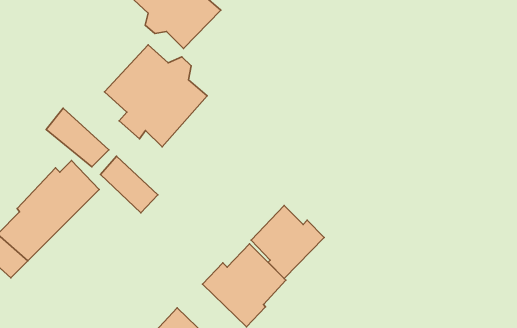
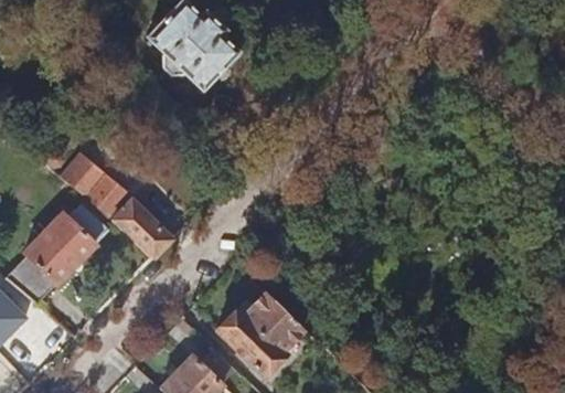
building: [104,45,207,147] -> none
building: [251,205,324,279] -> none

